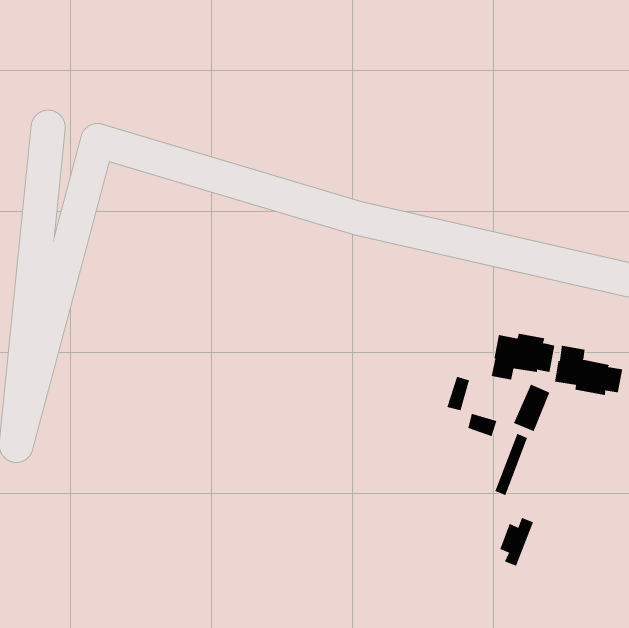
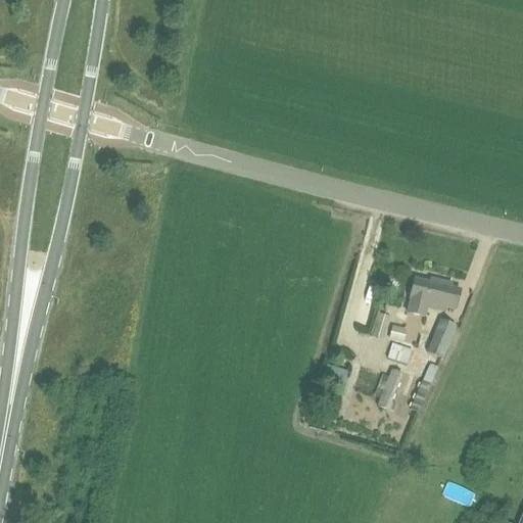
building: [555,345,623,396] -> none
building: [499,517,534,567] -> [373,368,401,409]

